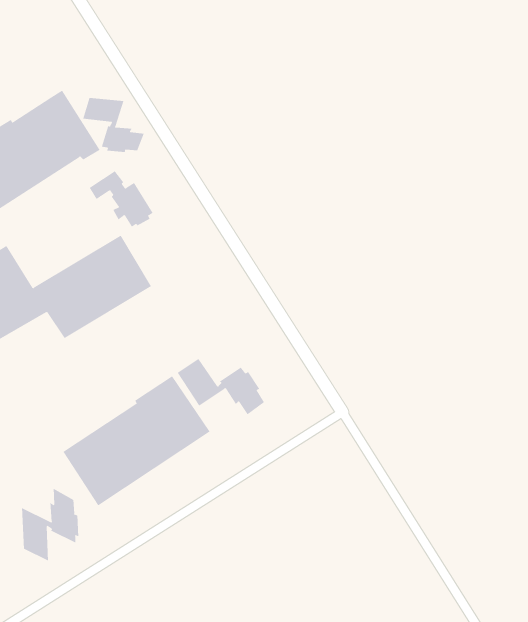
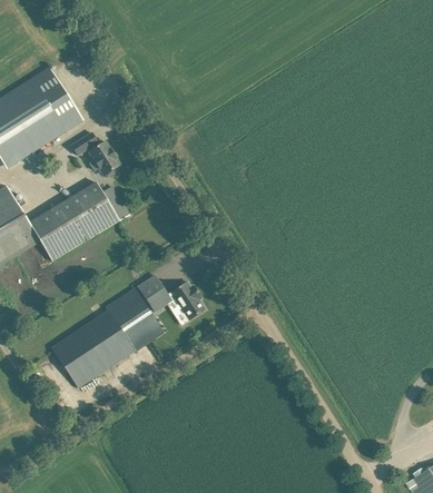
building: [82,97,144,153] -> none
building: [21,488,79,561] -> none

